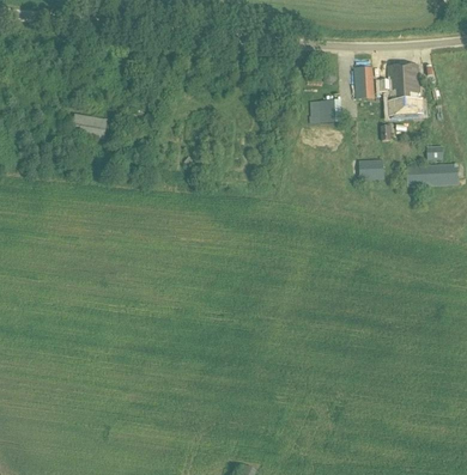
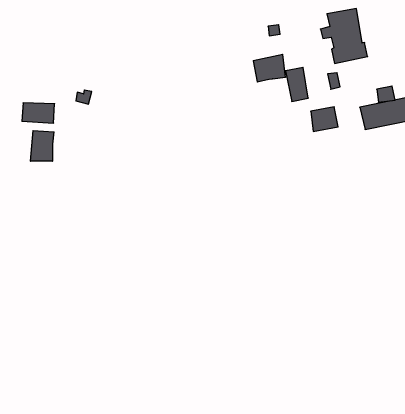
building: [353,67,372,99] -> [285,67,308,101]
building: none -> [31,131,54,161]

